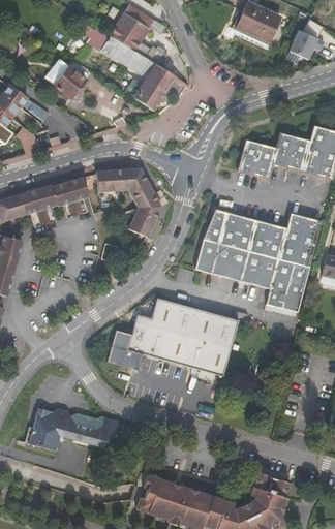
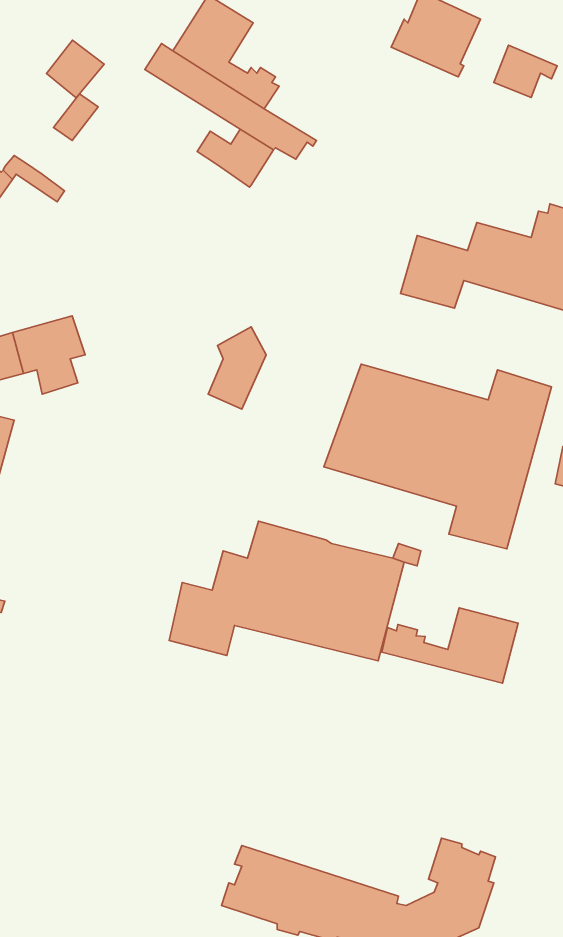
building: [54,66,86,98] -> [46,40,104,98]
building: [98,164,153,198] -> none
building: [54,173,90,216] -> none
building: none -> [382,608,518,683]
building: [29,407,120,449] -> none

